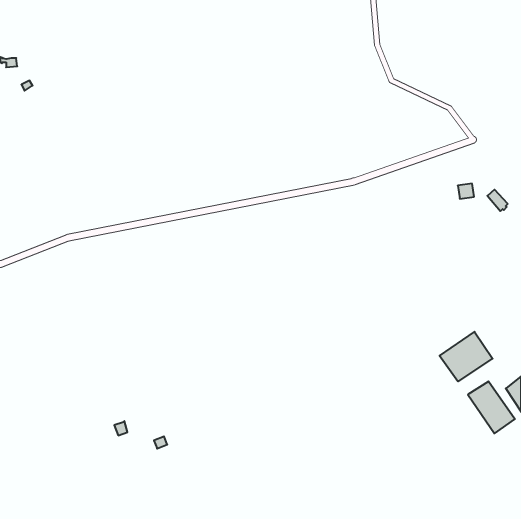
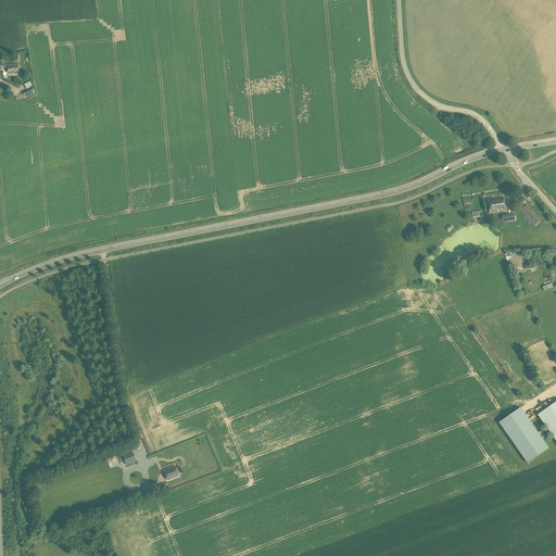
building: [440,332,493,381] -> none

